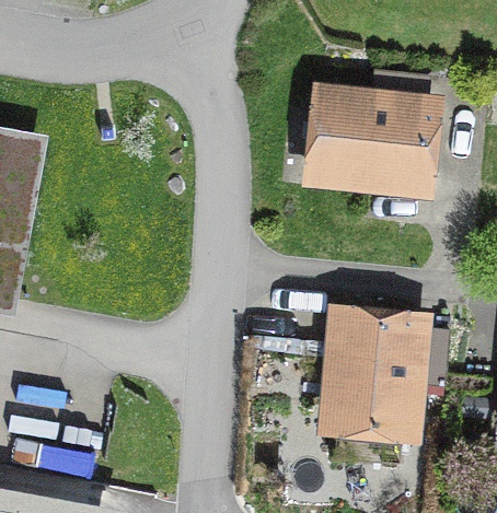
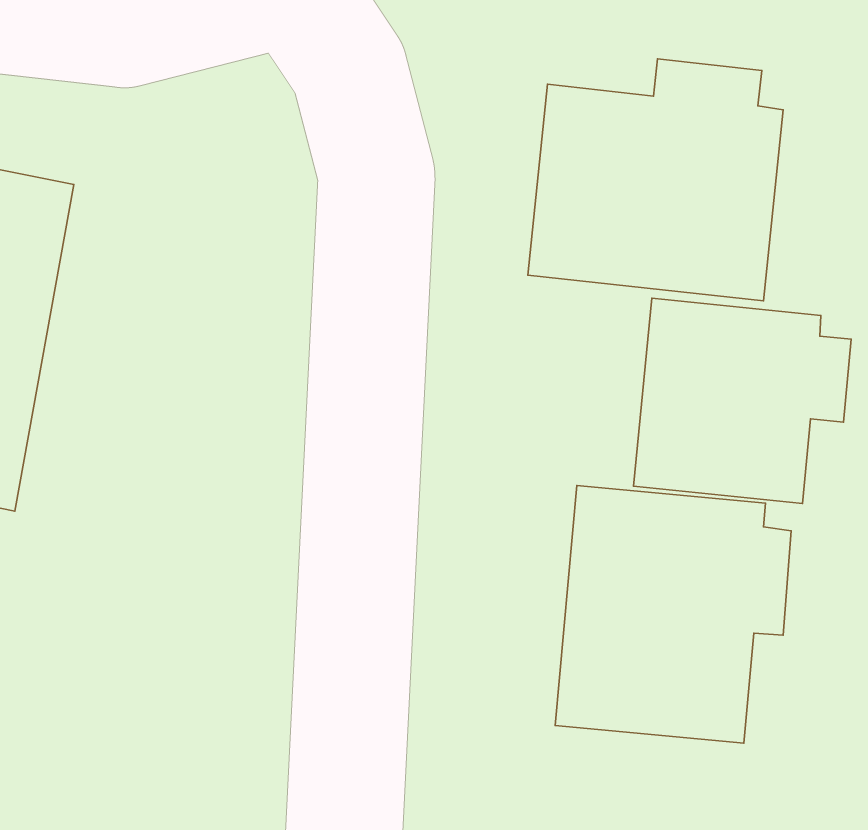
building: none -> [634,298,851,504]

